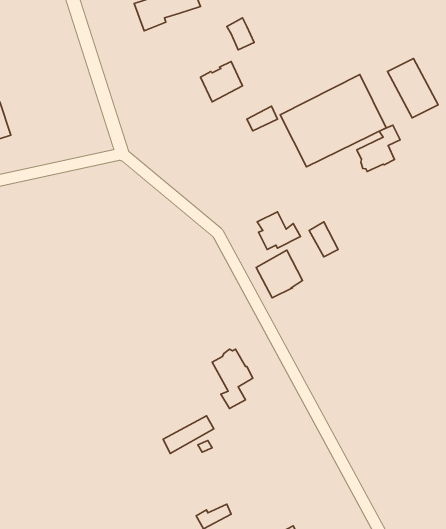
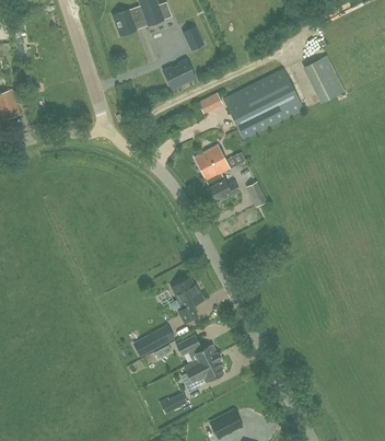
building: [357,125,400,171] -> none
building: [256,250,303,298] -> [194,144,229,181]
building: none -> [175,334,223,382]

